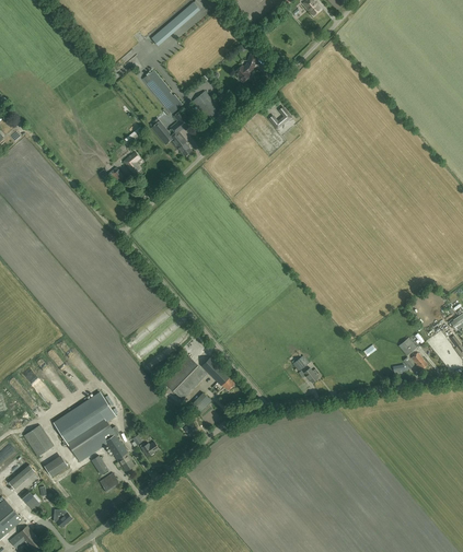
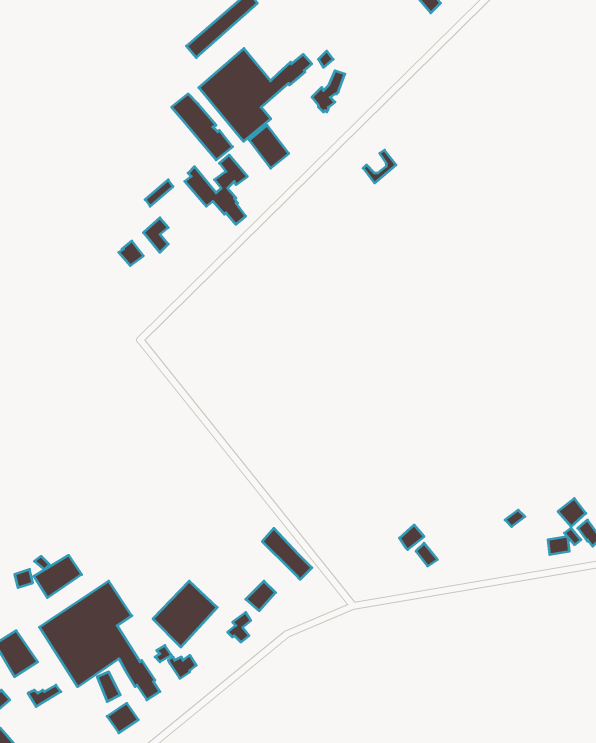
building: none -> [199,48,312,141]
building: [164,356,207,400] -> [153,581,217,647]
building: none -> [34,555,82,598]

